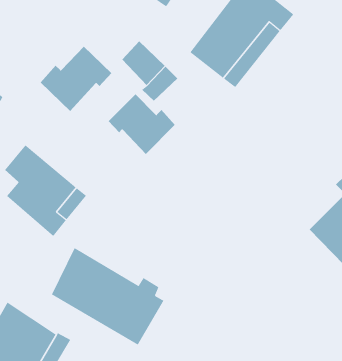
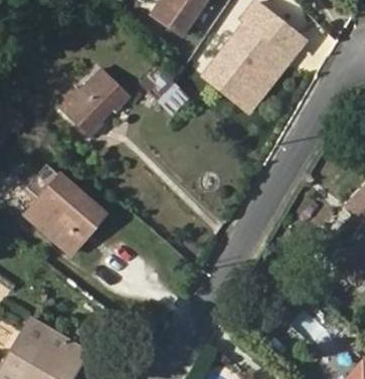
building: [108,93,176,155] -> none
building: [51,247,164,346] -> none

